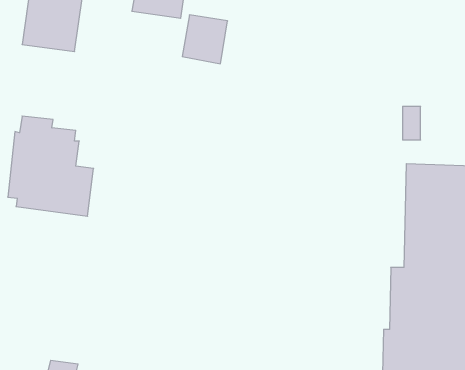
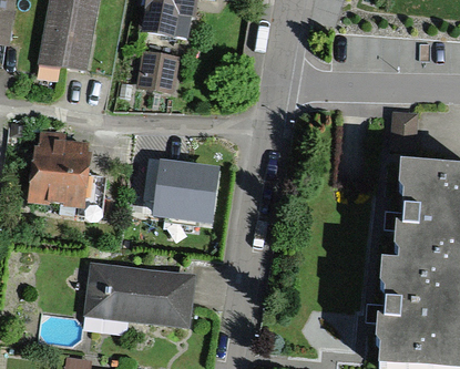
building: [182,15,228,64] -> [137,49,180,94]
building: none -> [151,154,219,225]
building: none -> [84,259,192,326]

